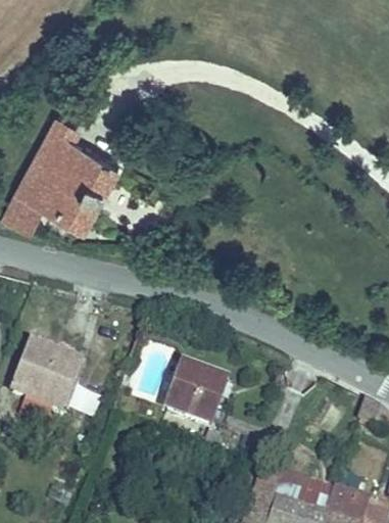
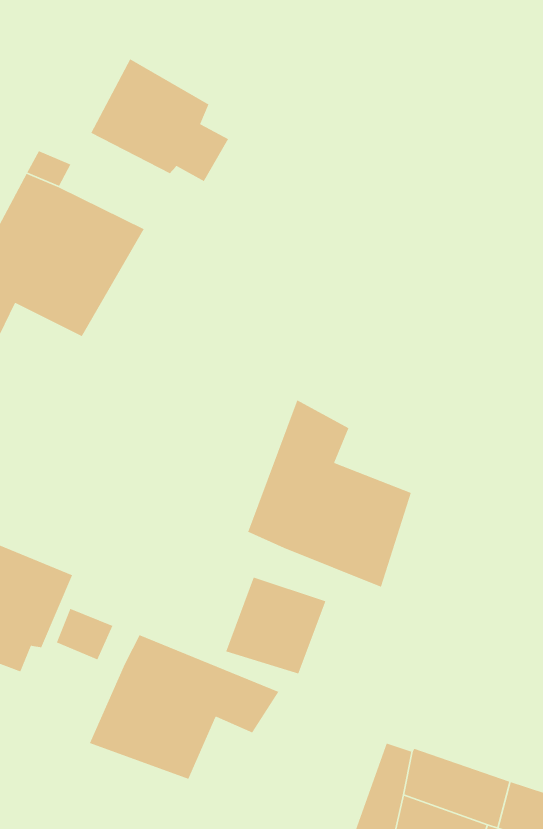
building: none -> [90,58,229,182]
building: none -> [247,399,412,588]
building: none -> [89,634,280,780]

